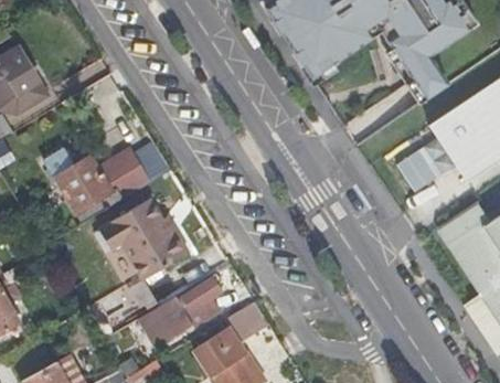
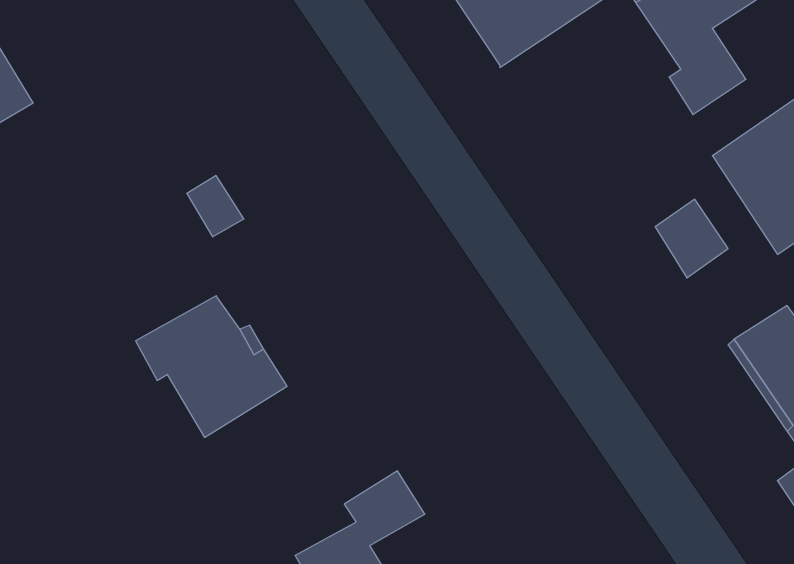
building: [45,152,149,214] -> none
building: [138,275,219,344] -> none

